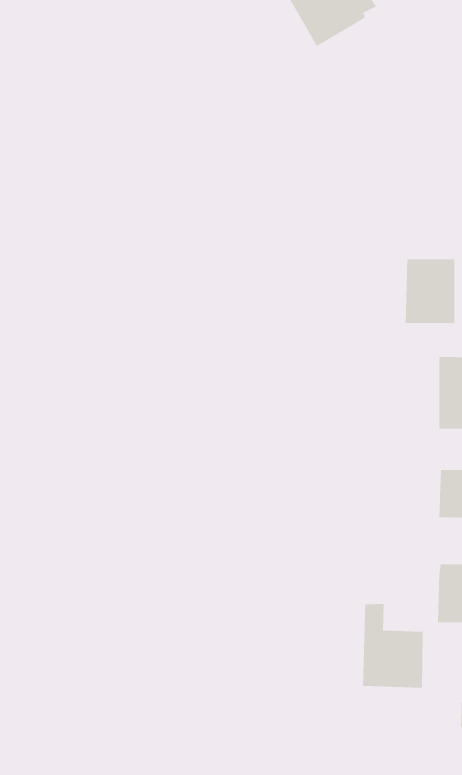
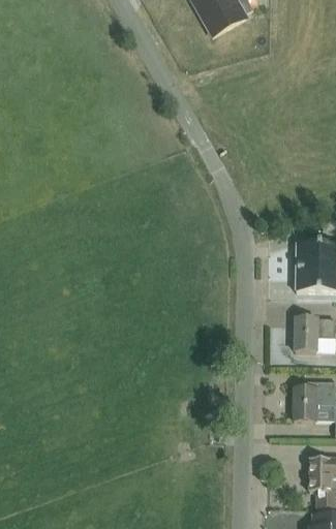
building: [405,258,455,324] -> none
building: [362,603,423,688] -> none

